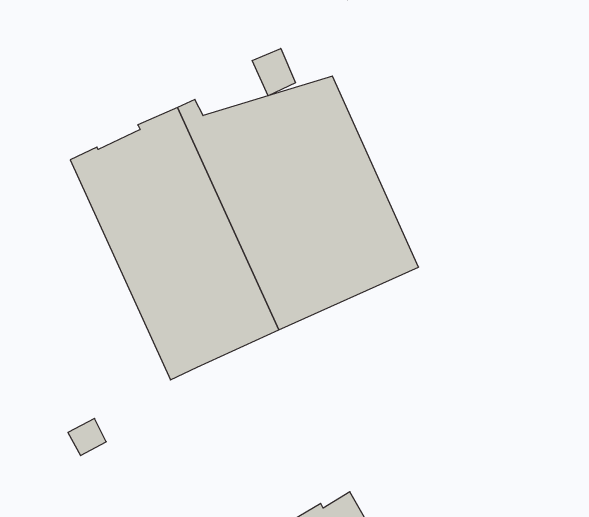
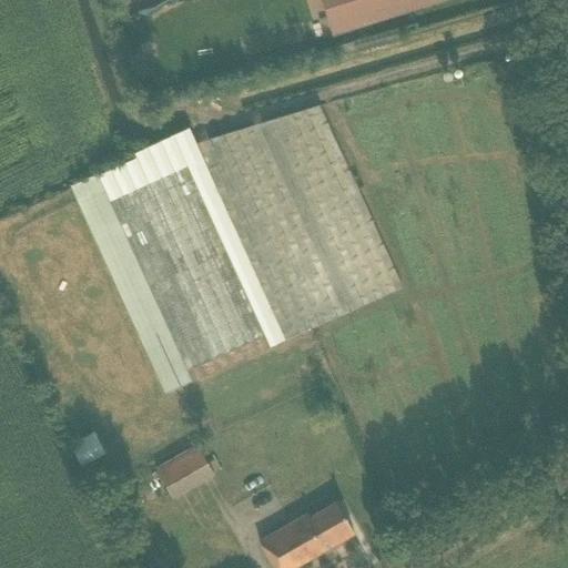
building: [252,48,296,96] -> none
building: none -> [155,443,221,497]

